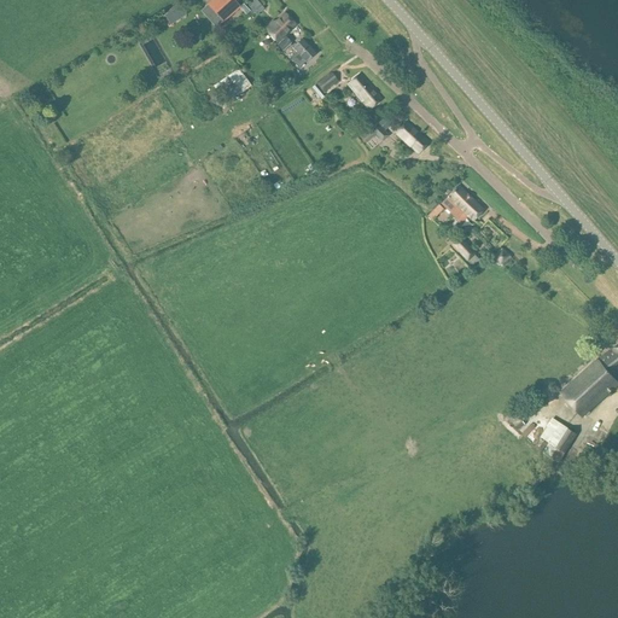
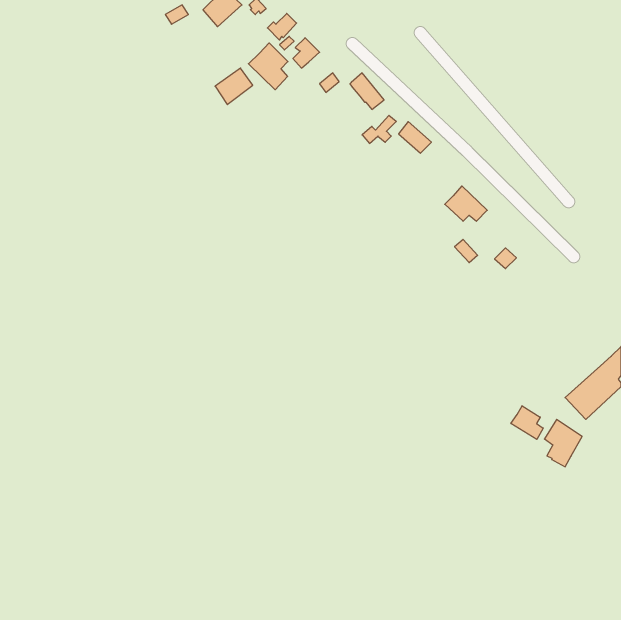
building: none -> [248,43,288,90]
building: none -> [511,406,543,439]

